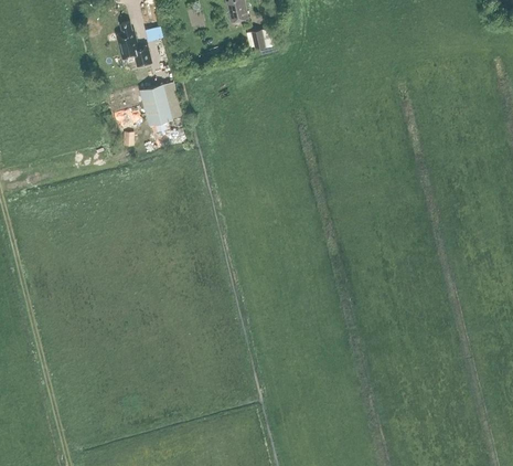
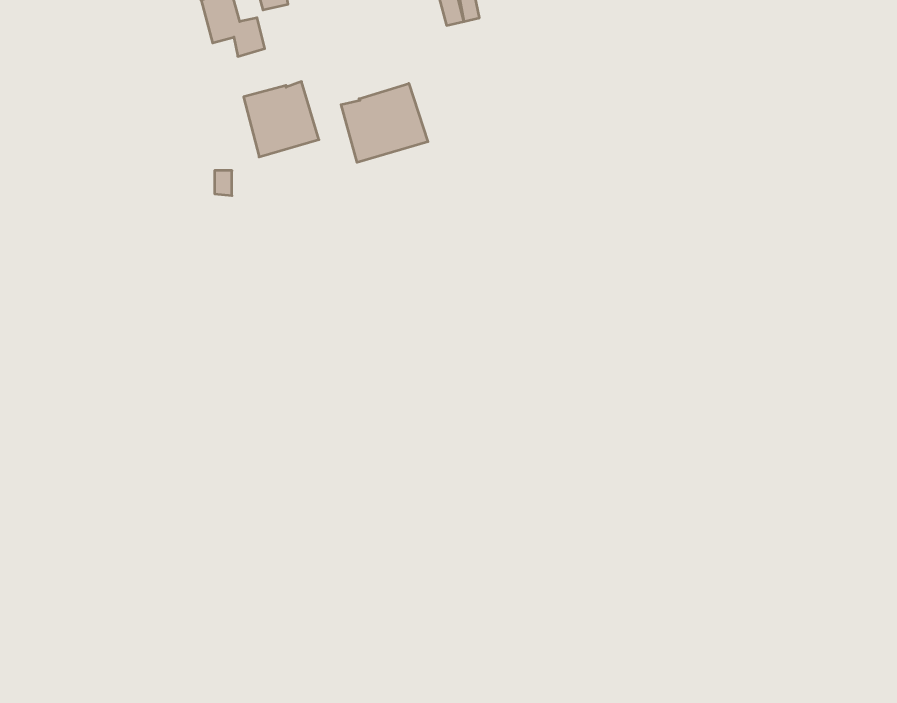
building: none -> [341,83,428,162]

